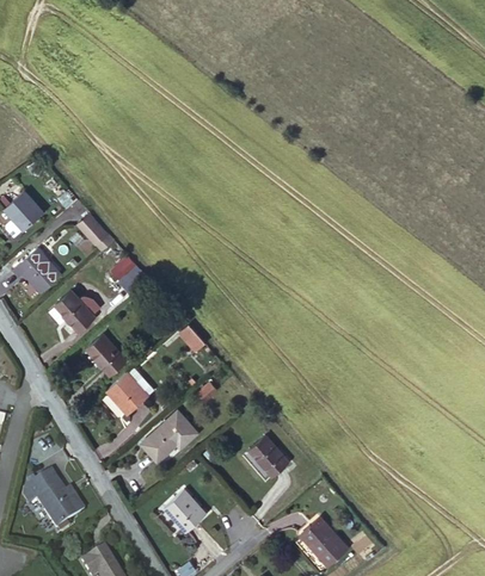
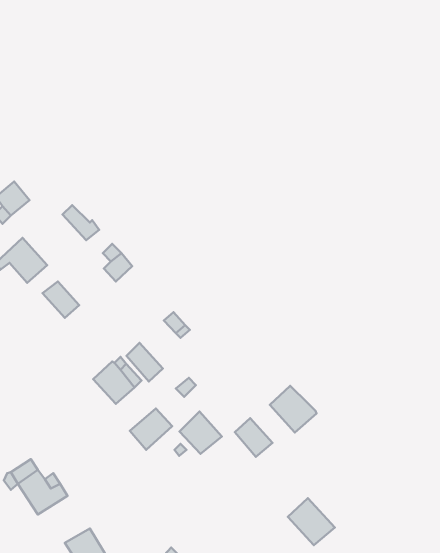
building: [90,334,127,373] -> [126,343,163,382]
building: none -> [270,386,316,432]
building: [168,483,211,526] -> [179,412,222,454]

